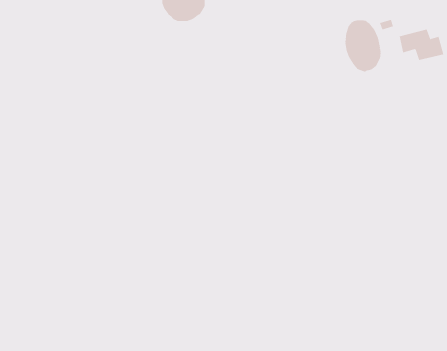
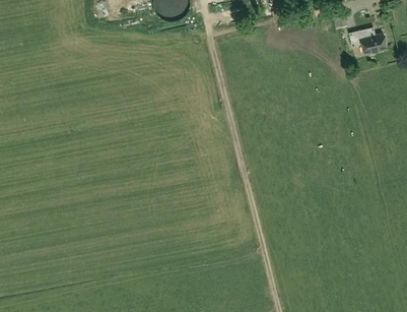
building: [345,19,381,72] -> none

